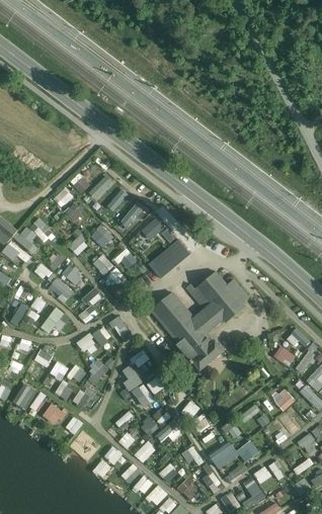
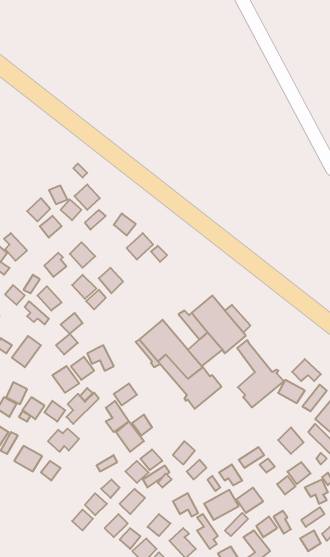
building: [150,241,190,279] -> none
building: none -> [237,340,284,407]

